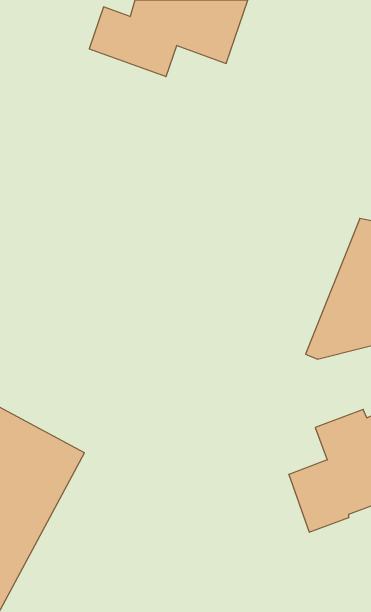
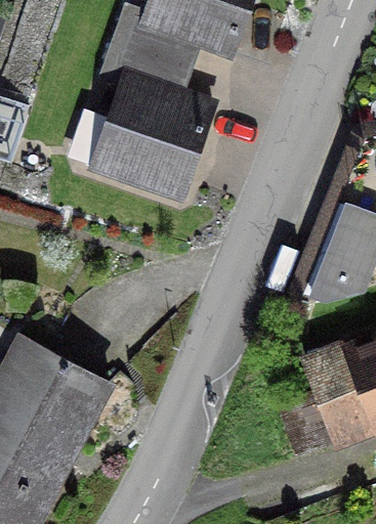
building: none -> [72,42,211,196]

